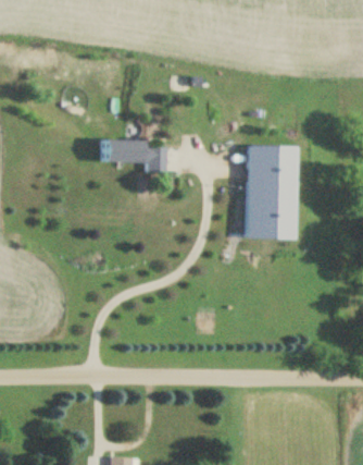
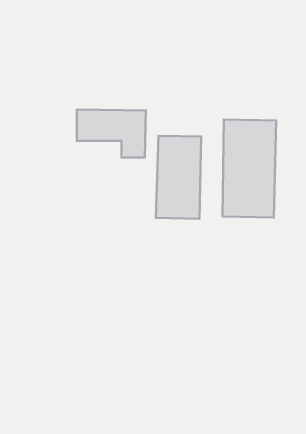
building: none -> [156,136,201,219]

